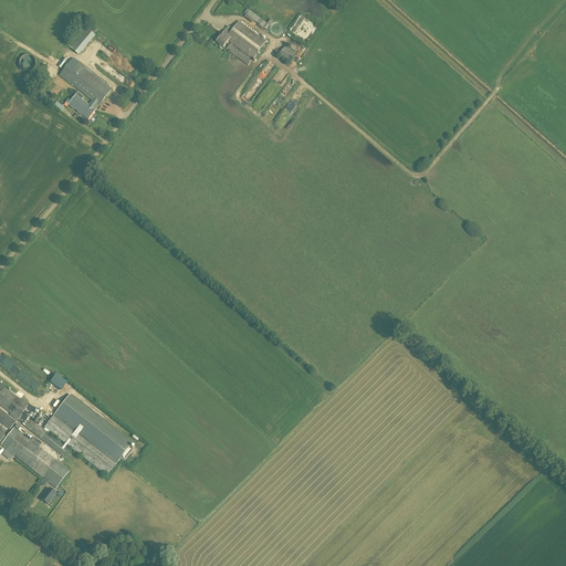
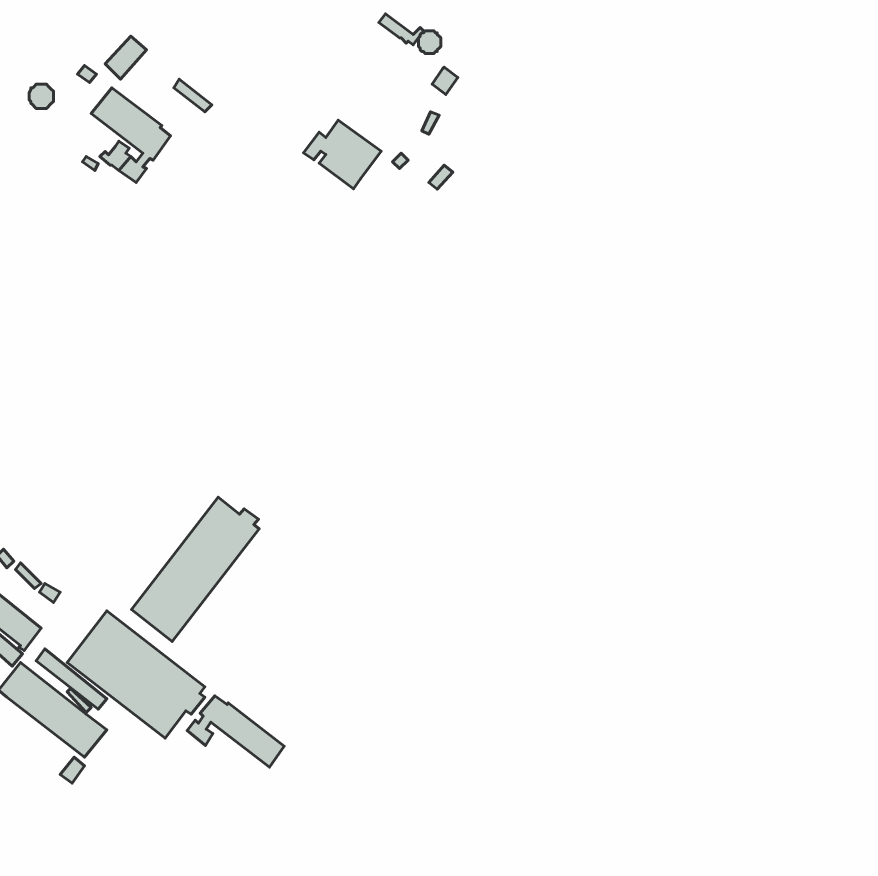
building: [216,20,265,64] -> [304,120,381,189]
building: none -> [131,497,259,641]
building: none -> [187,696,284,767]

